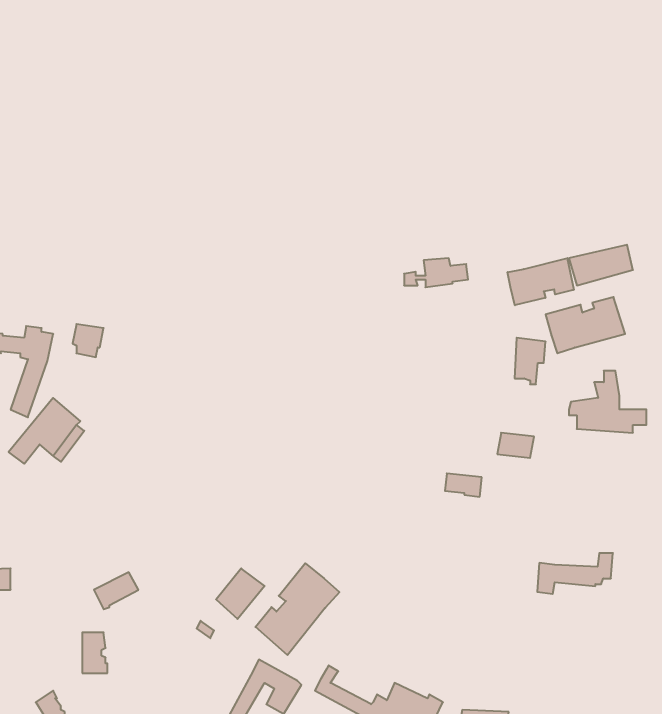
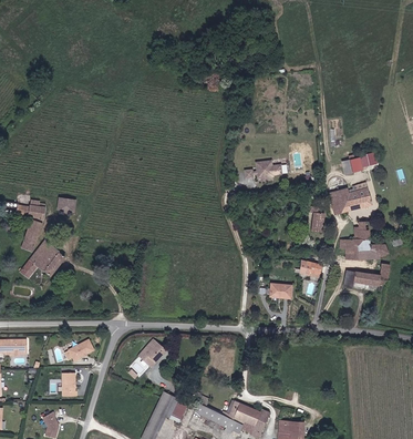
building: [508,258,574,305] -> none
building: [537,553,613,594] -> [344,264,388,287]
building: [255,563,339,655] -> none

